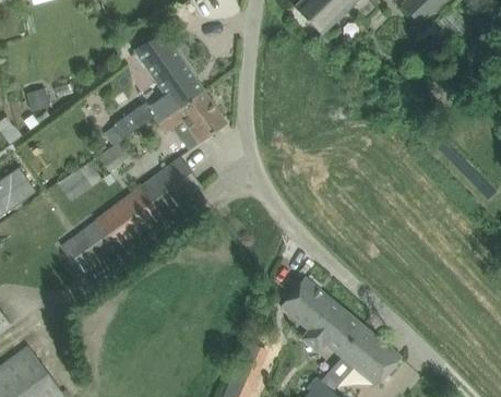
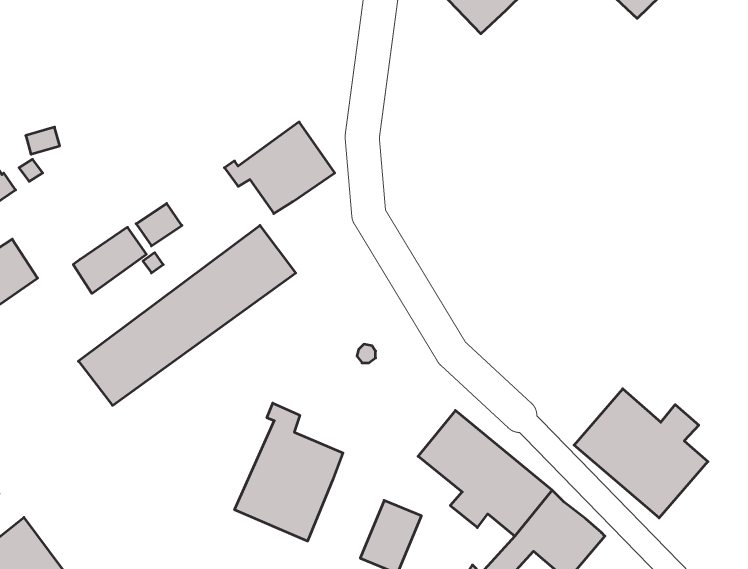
building: [112,32,203,137] -> none
building: none -> [574,389,708,518]
building: none -> [235,403,343,541]

